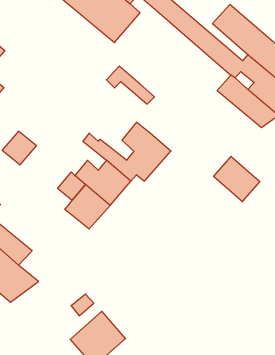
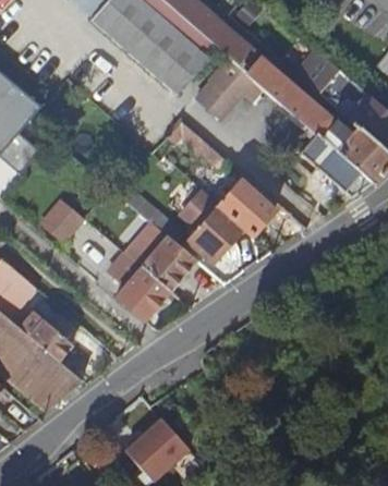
building: none -> [195,58,254,117]
building: [214,156,260,202] -> [218,179,274,233]

